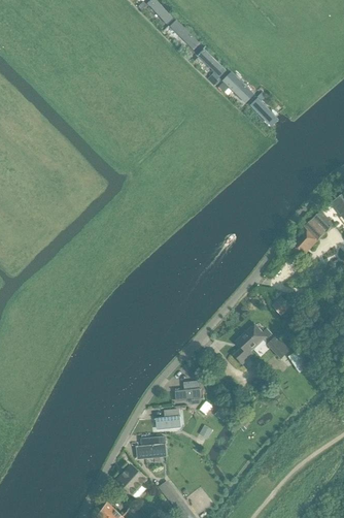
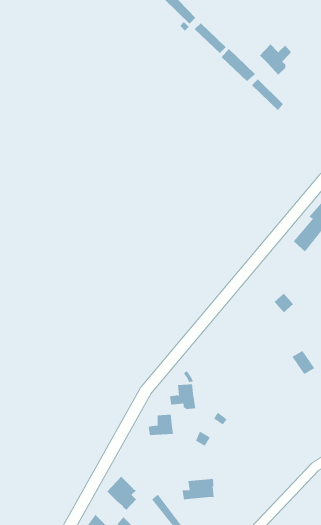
building: none -> [259,44,292,76]
building: [234,324,290,364] -> none
building: [137,436,167,456] -> [182,479,215,500]

